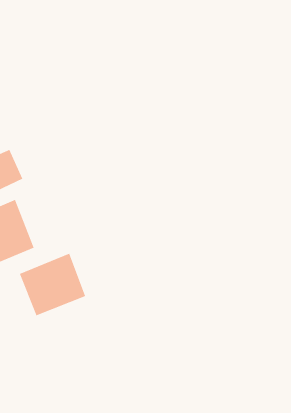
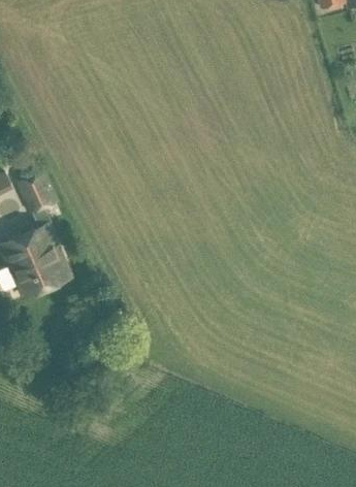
building: [19,253,86,316] -> none

